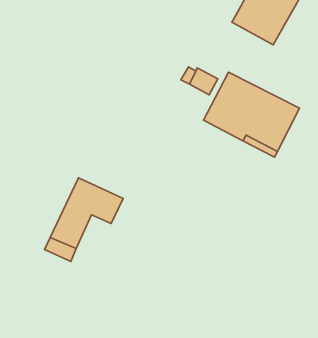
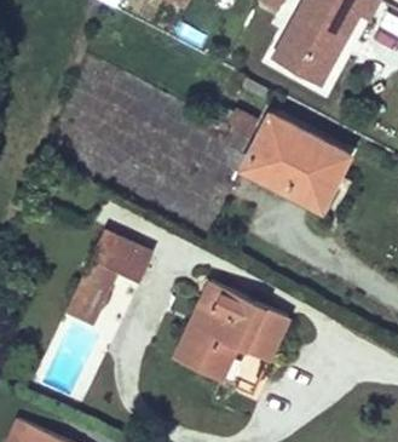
building: none -> [174,281,288,380]

